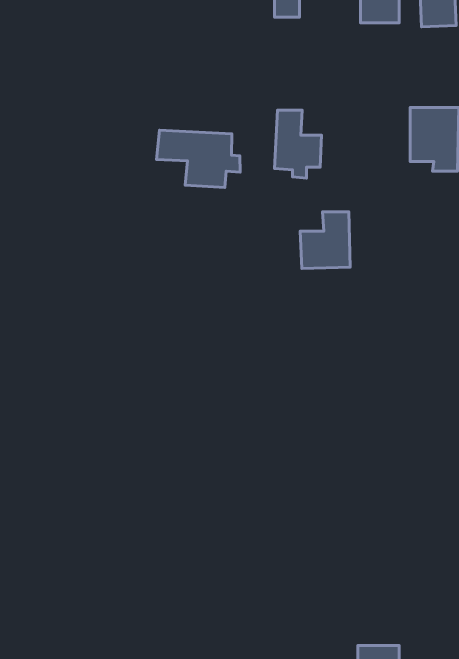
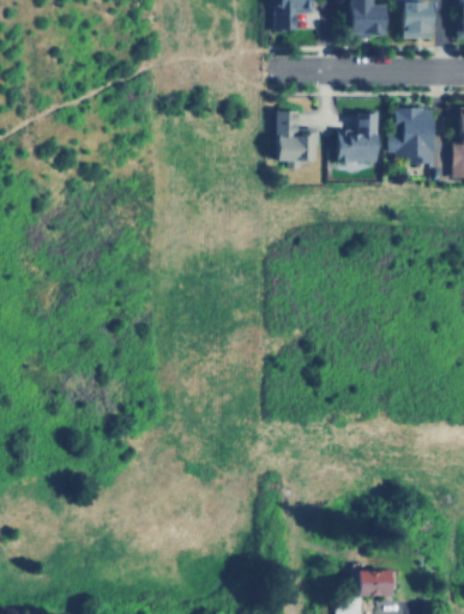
building: [157,130,240,187] -> none
building: [300,212,350,269] -> [337,114,380,163]

